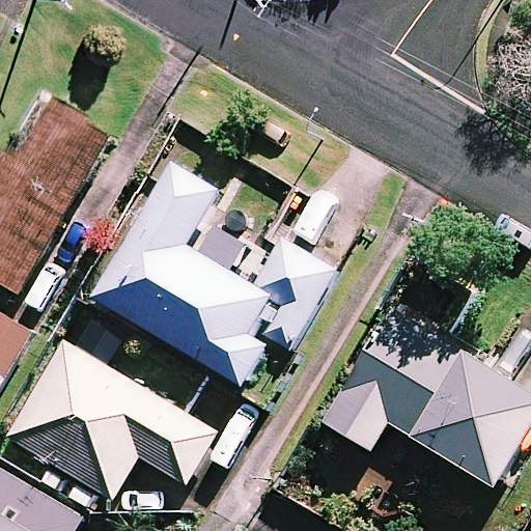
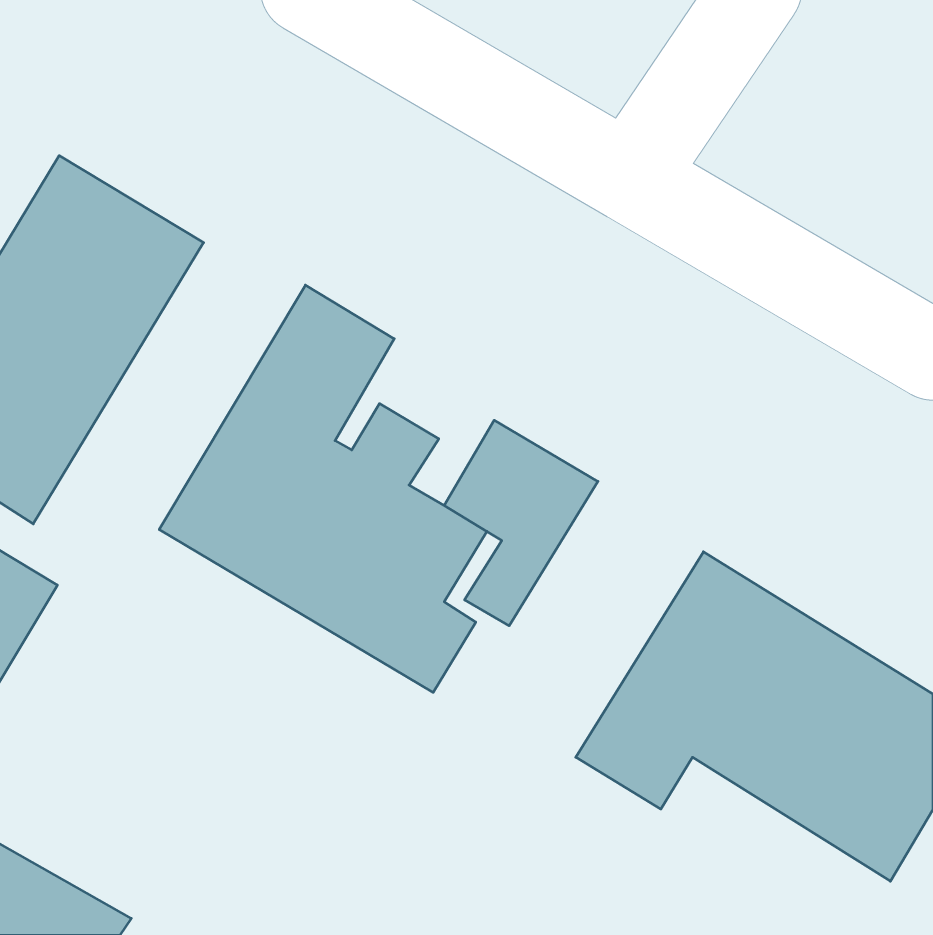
building: [5,336,222,499] -> none

